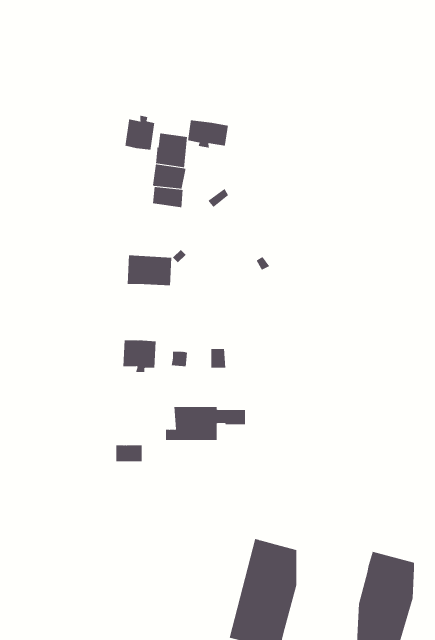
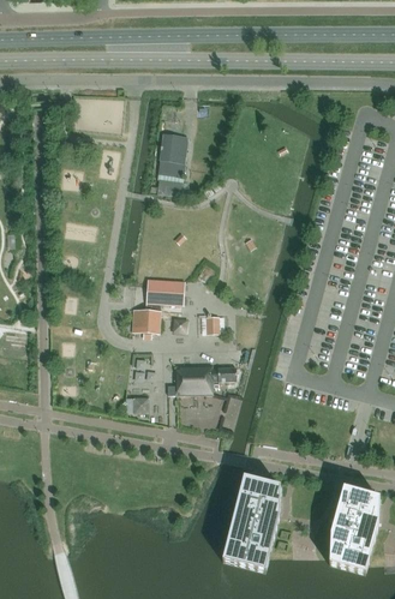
building: [125,115,155,150] -> none
building: [187,119,228,148] -> none
building: [127,255,172,286] -> [144,276,182,303]

